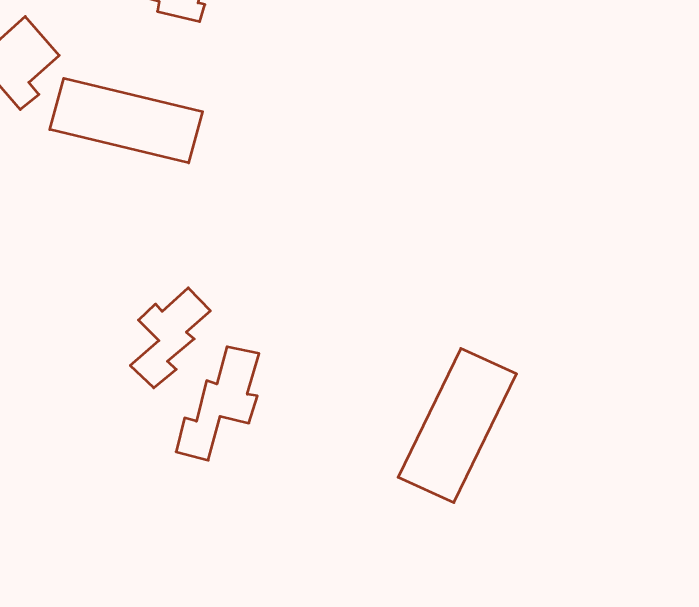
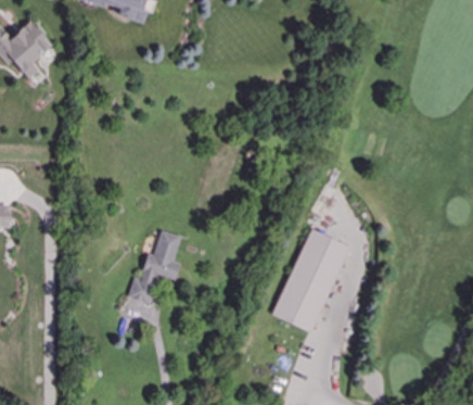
building: [50,78,203,163] -> none
building: [130,288,210,388] -> none

